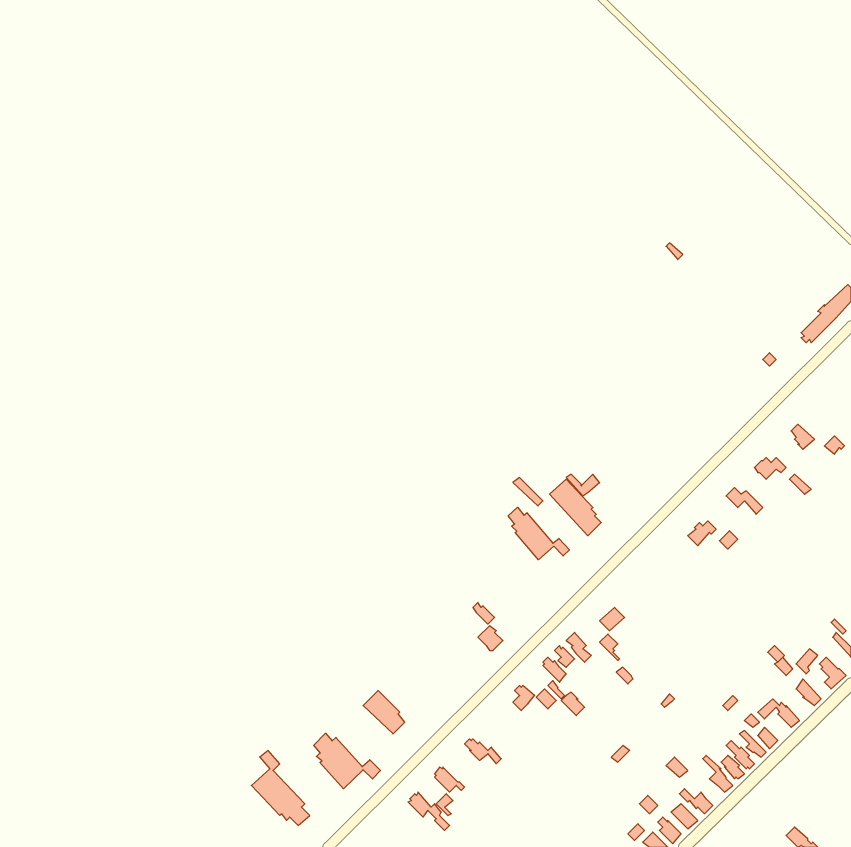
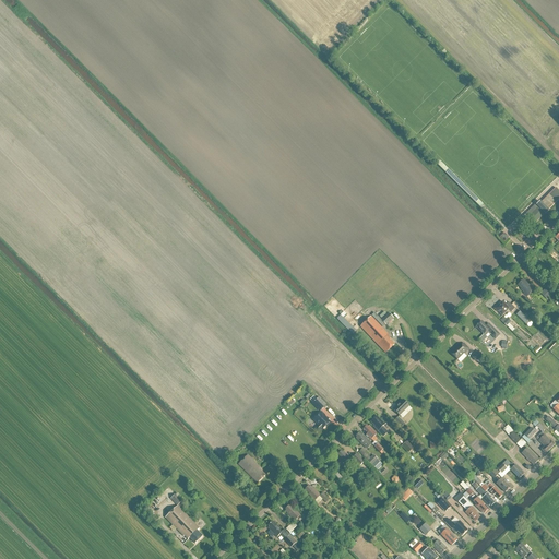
building: [508,507,569,560] -> none
building: [314,733,380,789] -> none

